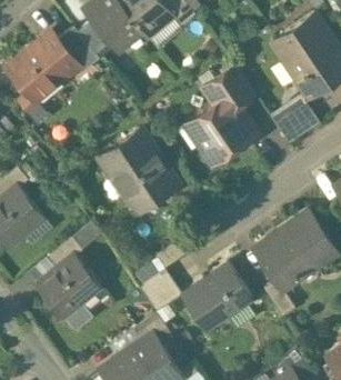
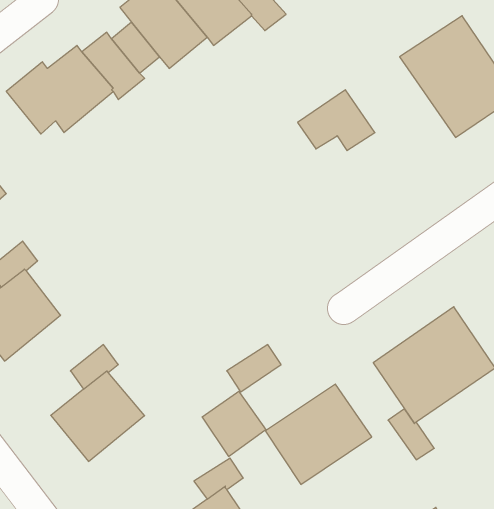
building: [190,97,255,161] -> none
building: [272,101,318,144] -> none
building: [98,130,177,213] -> none

